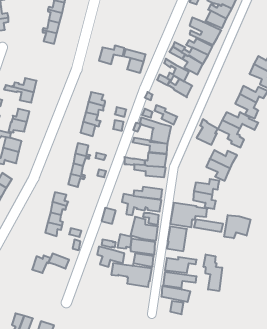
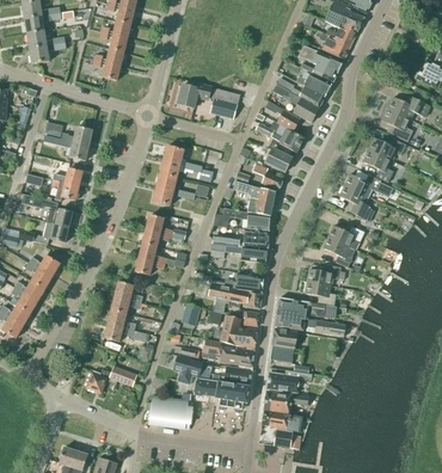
building: [197,119,218,145] -> [264,137,293,172]
building: [224,215,251,238] -> none
building: [204,254,222,291] -> none
building: none -> [148,397,192,428]

